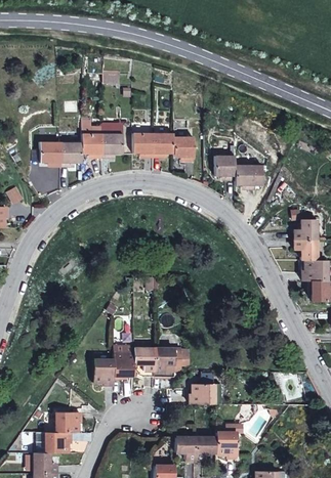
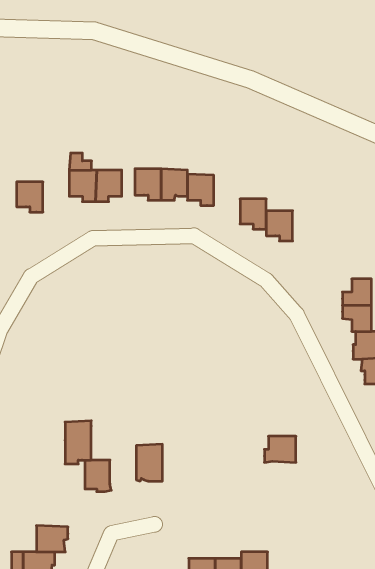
building: [61,142,82,166] -> none
building: [114,344,134,378] -> [65,421,91,464]
building: [155,347,175,376] -> none
building: [191,383,215,403] -> [264,436,296,462]

